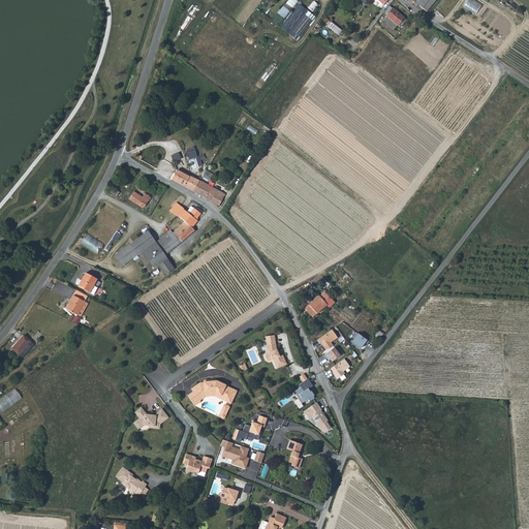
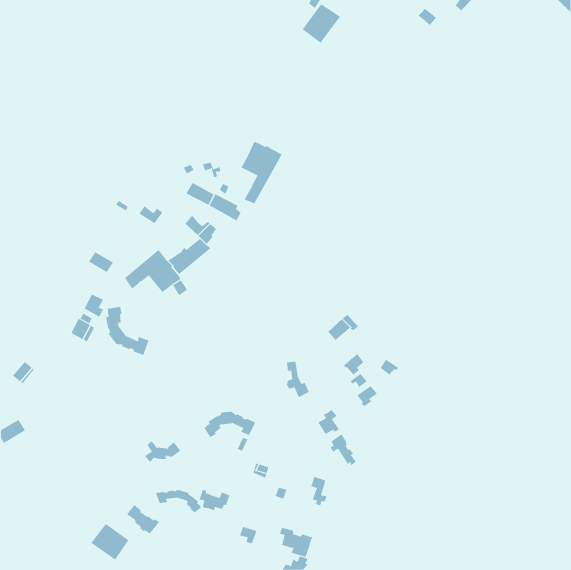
building: none -> [241,141,282,204]
building: none -> [105,306,149,356]
building: [221,439,252,467] -> [279,527,313,557]
building: none -> [155,489,202,514]
building: none -> [90,523,129,560]

